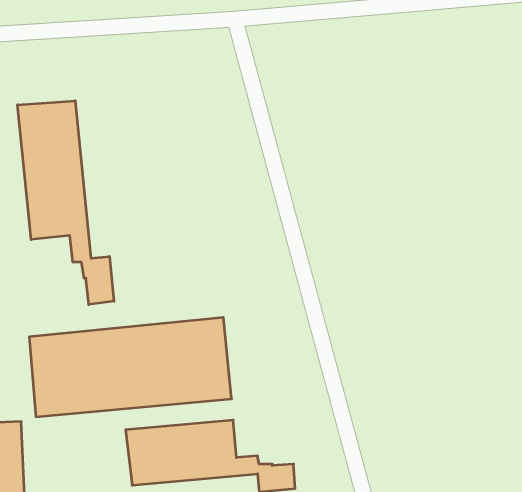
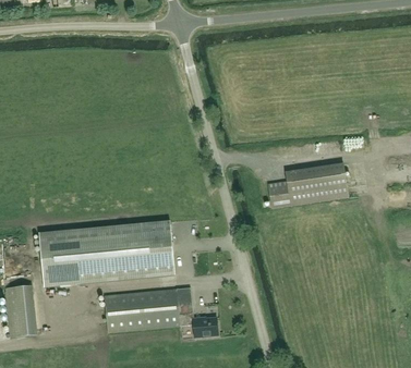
building: [18,101,114,305] -> none
building: none -> [267,161,348,207]

